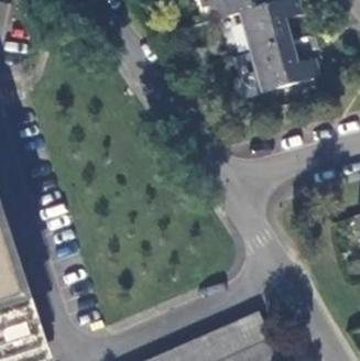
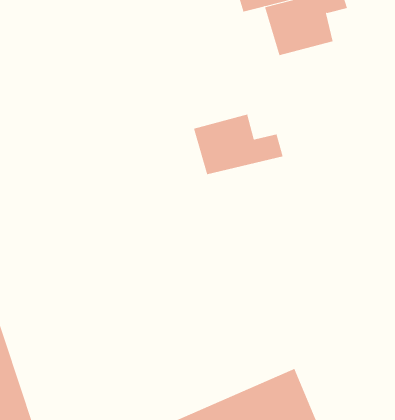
building: [248,40,323,90] -> [193,114,284,175]

